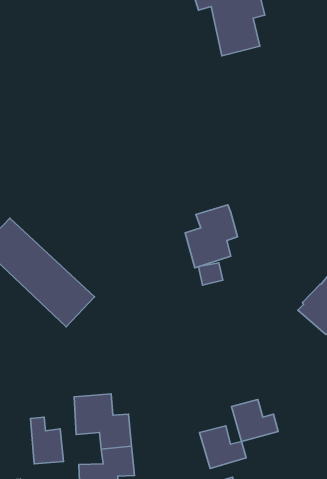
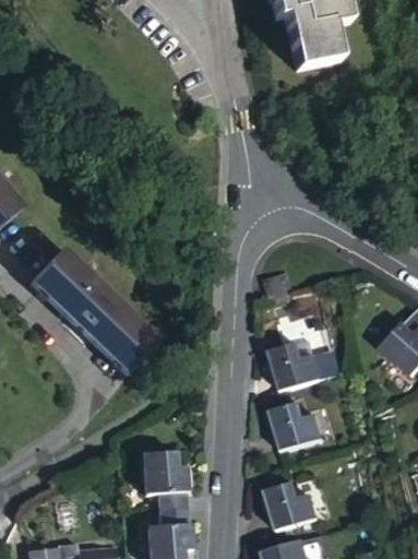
building: [185,205,238,268] -> [272,321,331,392]
building: [232,400,278,441] -> [272,405,324,452]
building: [31,417,64,464] -> none

